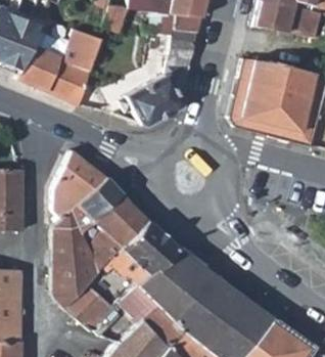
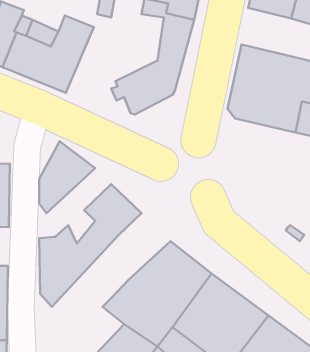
building: [52,175,121,241] -> none
building: [64,218,177,326] -> none

